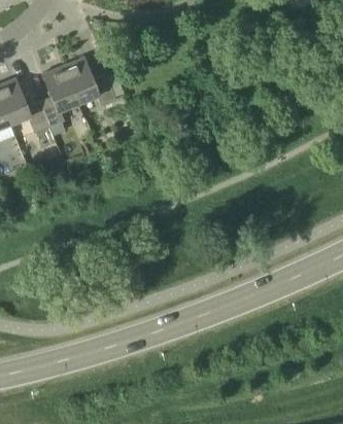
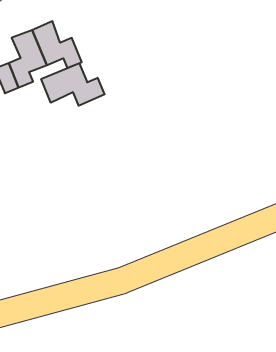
building: none -> [41,63,105,106]

